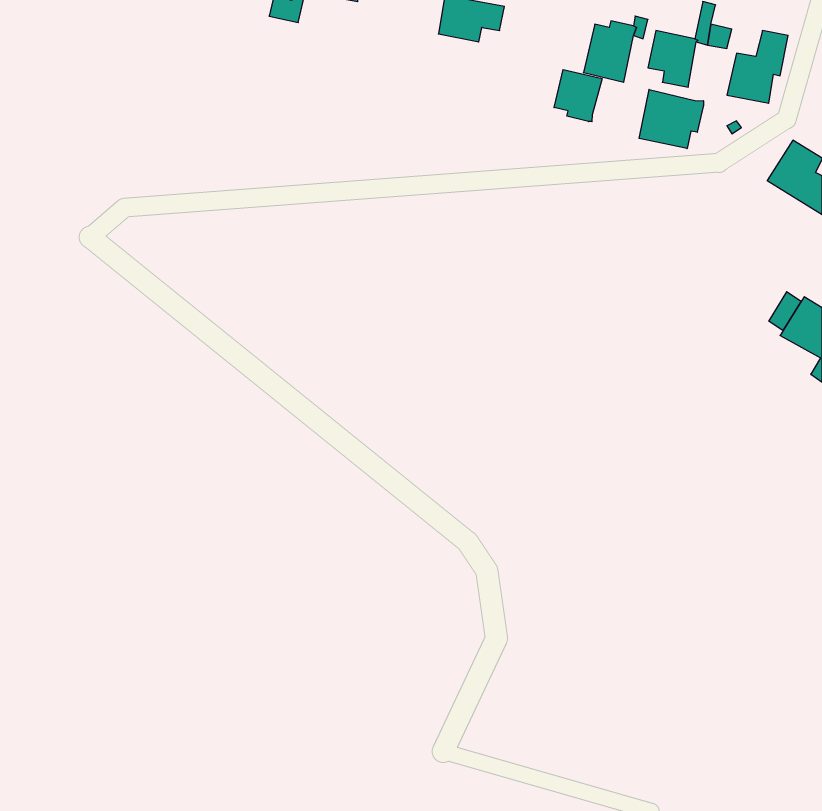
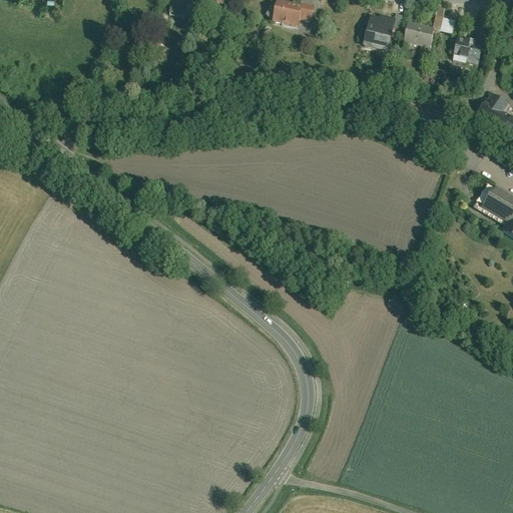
building: [554,70,602,122] -> none
building: [639,89,703,149] -> none

